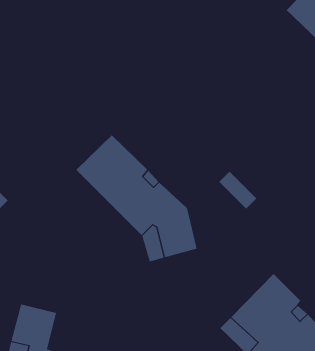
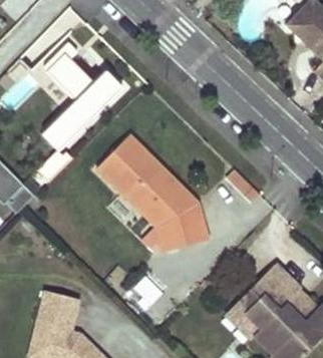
building: none -> [34,42,120,150]

